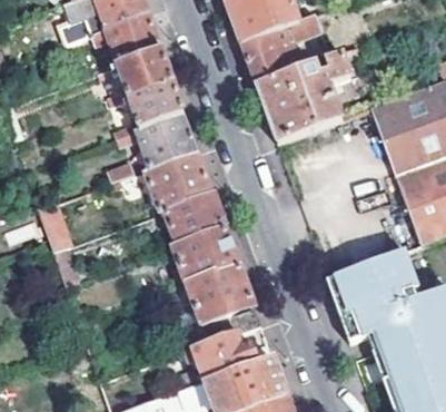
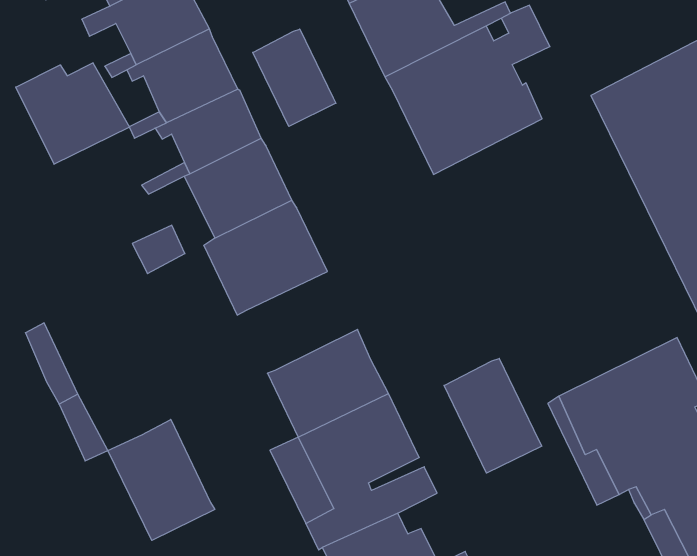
building: none -> [253,29,336,126]
building: none -> [16,63,129,164]
building: [165,192,226,244] -> none
building: none -> [444,358,542,473]
building: none -> [108,419,215,540]

